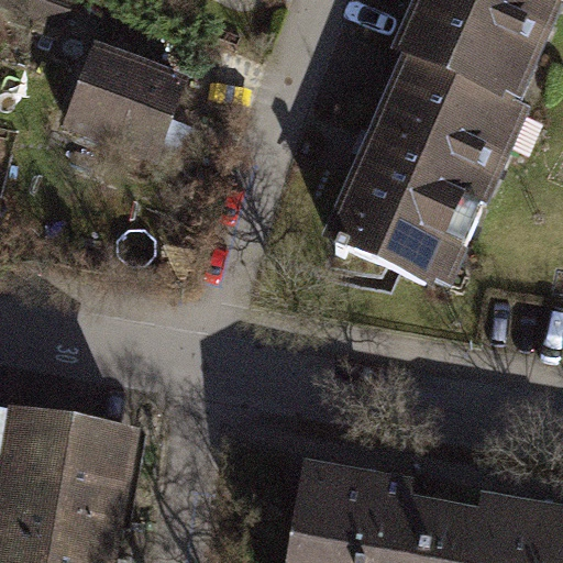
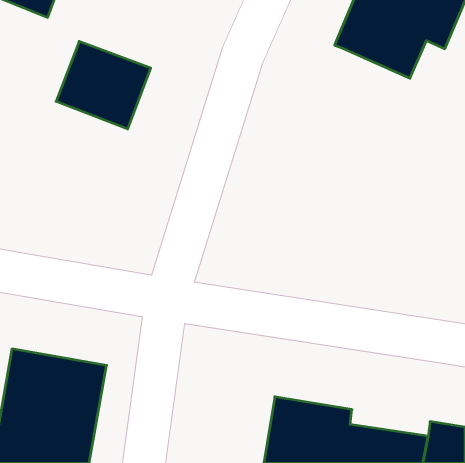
building: [329,57,504,282] -> none

